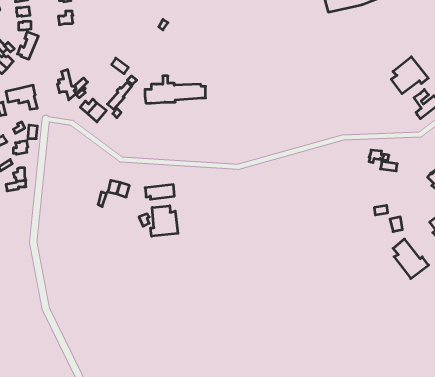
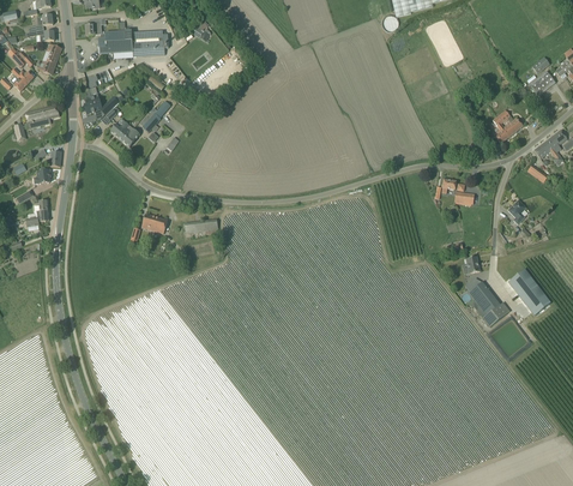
building: [391,57,428,94] -> none
building: [145,76,206,103] -> [97,22,167,53]
building: [151,206,178,236] -> none

